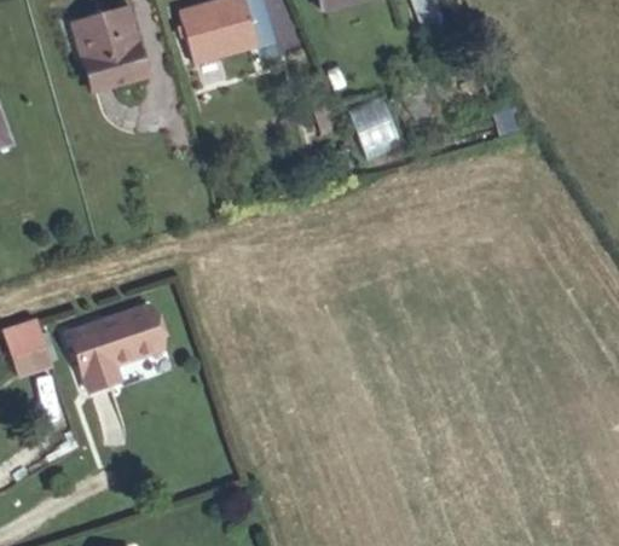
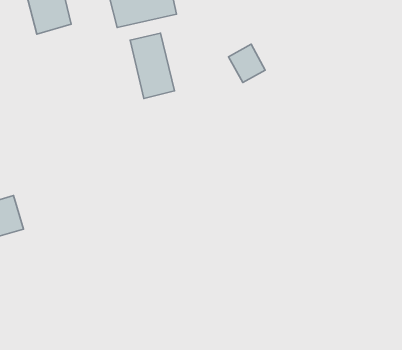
building: none -> [130,33,175,99]
building: [58,304,151,385] -> none

